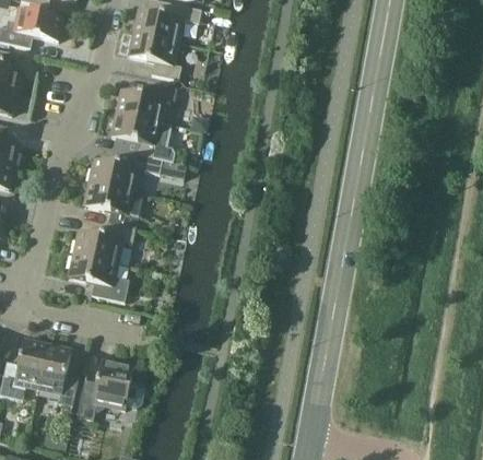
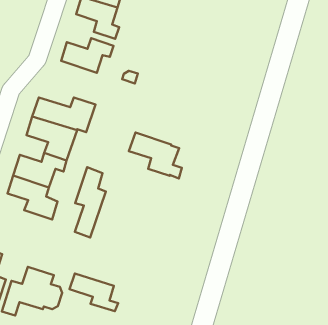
building: [111,111,176,161] -> [129,132,182,179]
building: none -> [75,167,106,238]
building: none -> [70,273,118,311]

